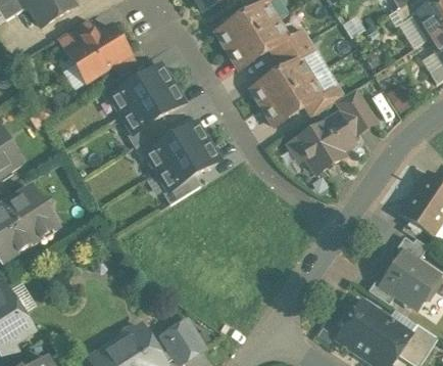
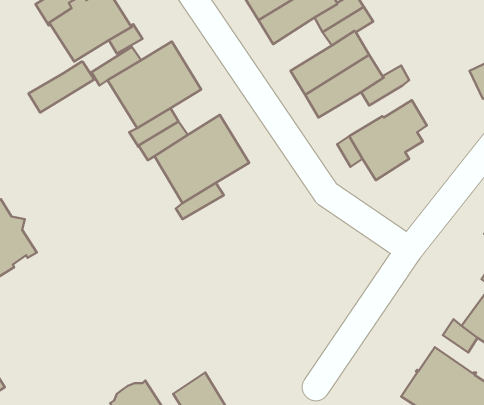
building: none -> [28,61,94,113]
building: [338,89,375,132] -> none

